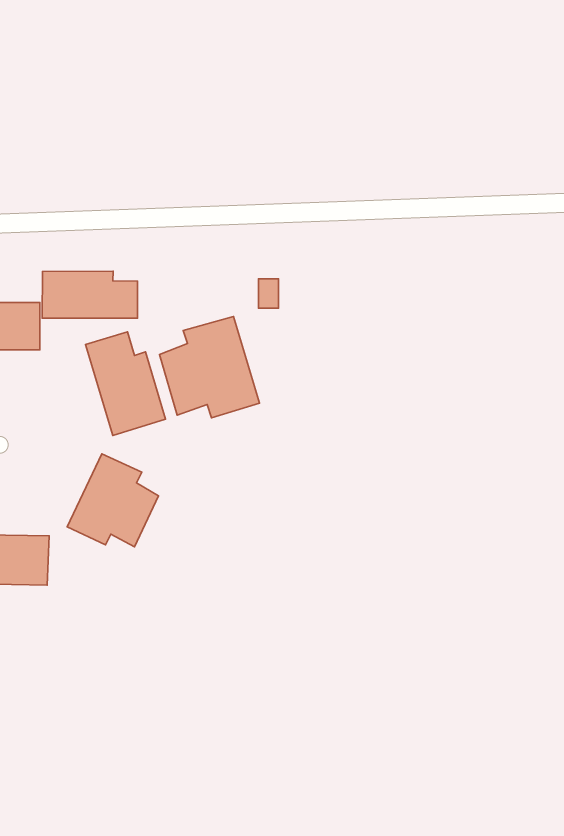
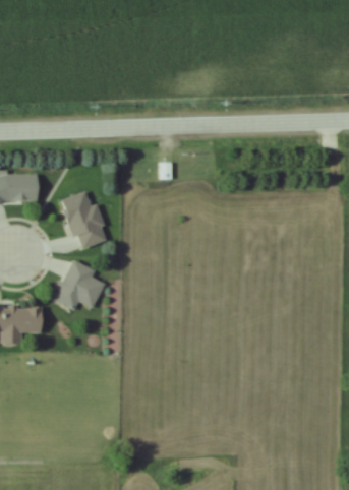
building: [42,271,138,318] -> none
building: [159,316,260,418] -> none

